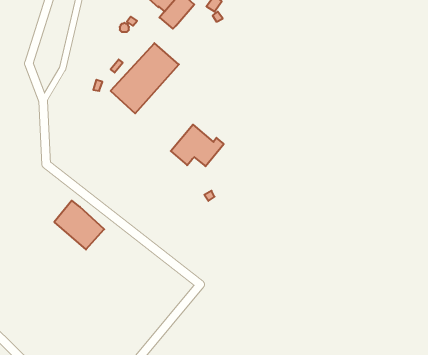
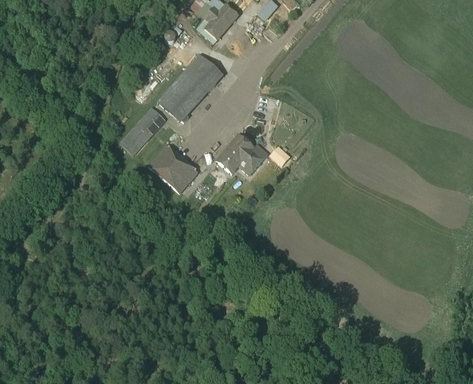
building: none -> [120,107,166,155]
building: [54,201,104,250] -> [149,144,198,192]

